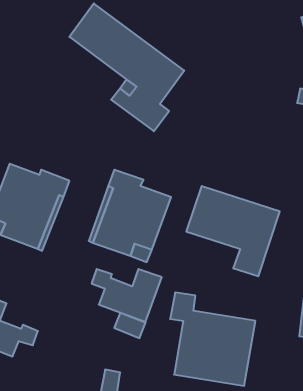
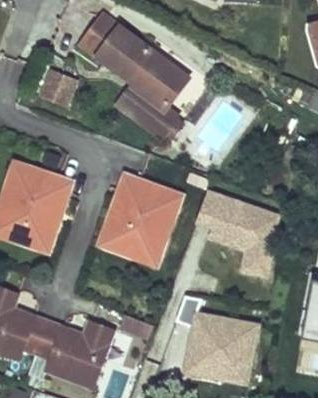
building: none -> [35,66,78,109]
building: [92,269,162,322] -> [40,332,109,384]

